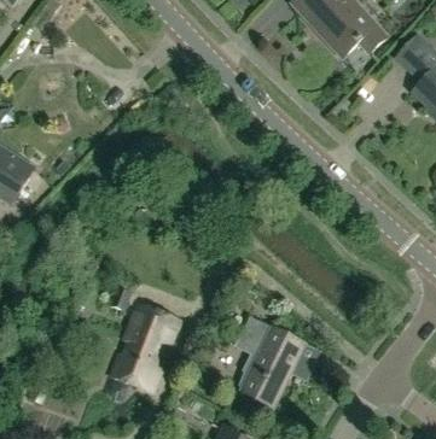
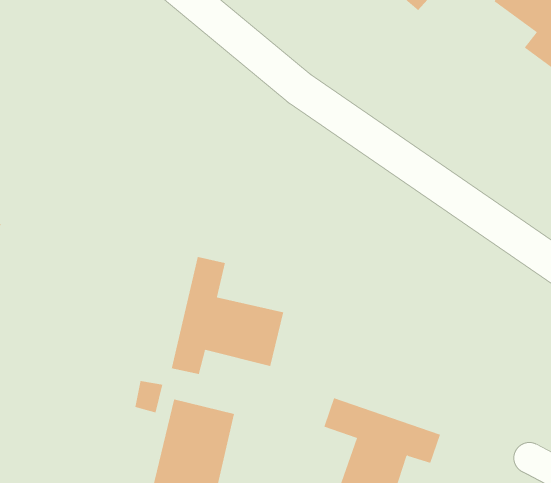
building: none -> [171,256,284,375]

